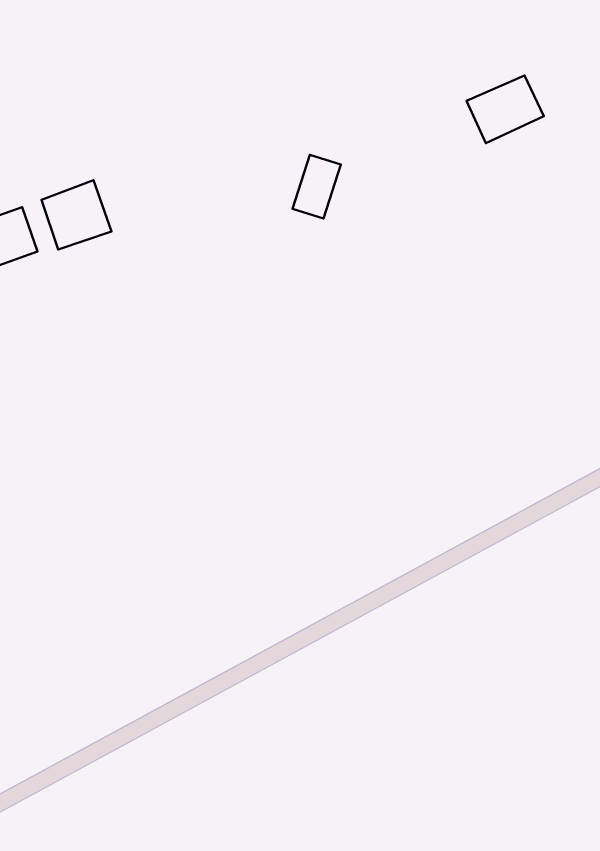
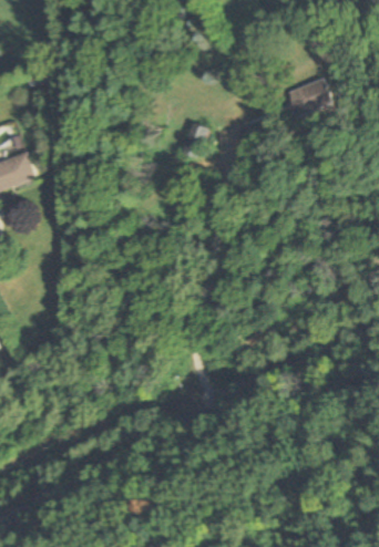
building: [41,180,112,249] -> none

